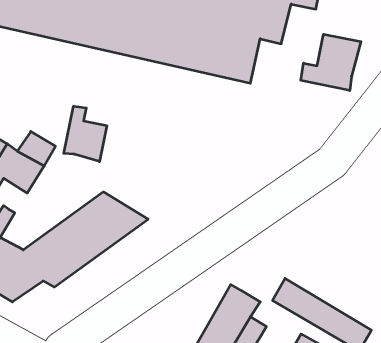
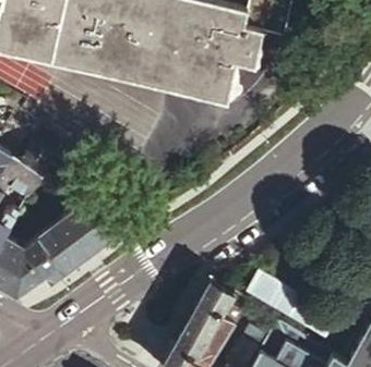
building: [301,34,361,91] -> none
building: [64,106,107,162] -> none

